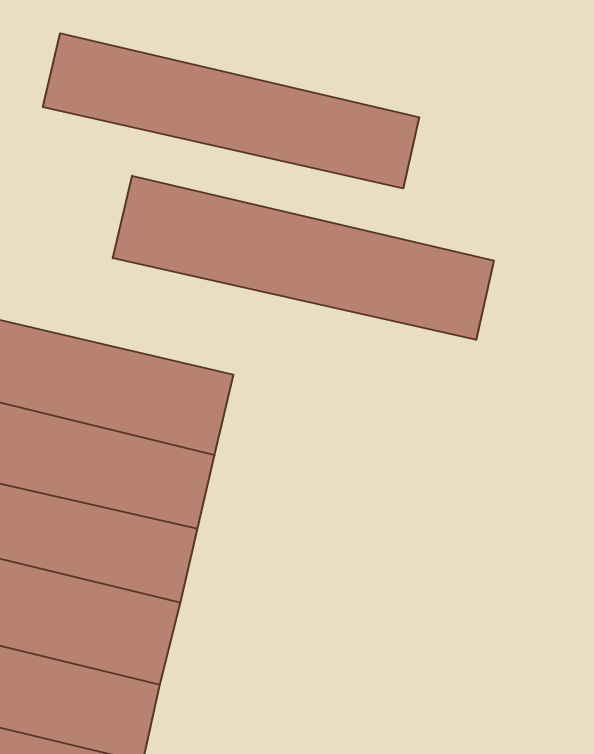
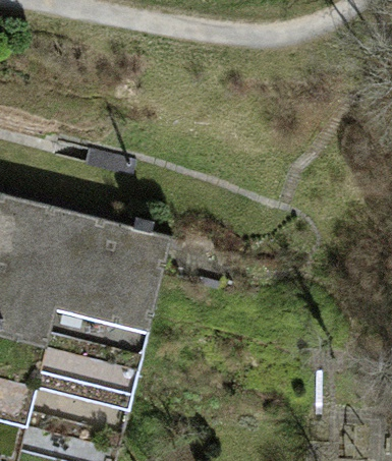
building: [43,33,419,188] -> none
building: [113,176,494,340] -> none

